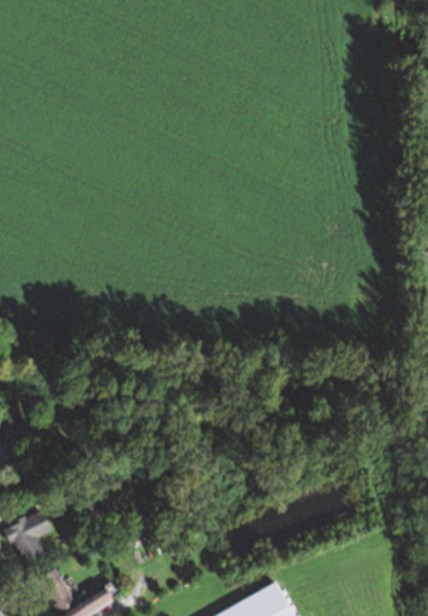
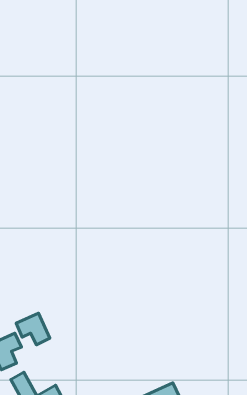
building: none -> [16,313,50,345]

